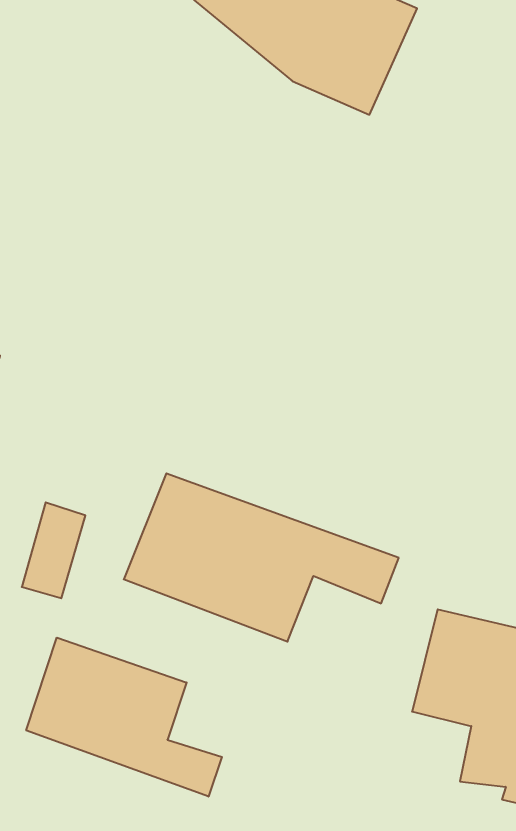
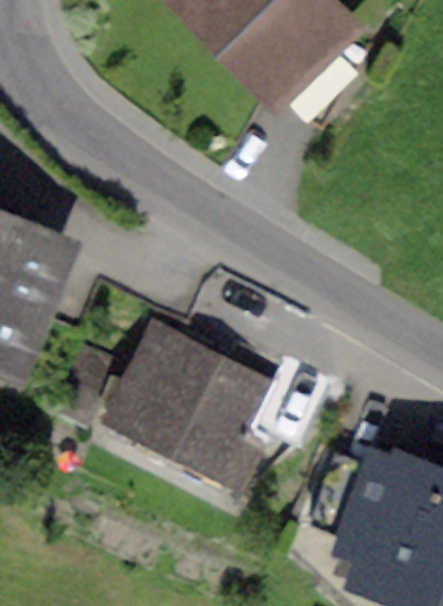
building: [26,638,222,797] -> none

